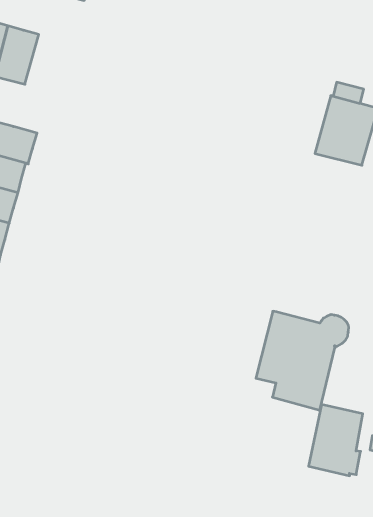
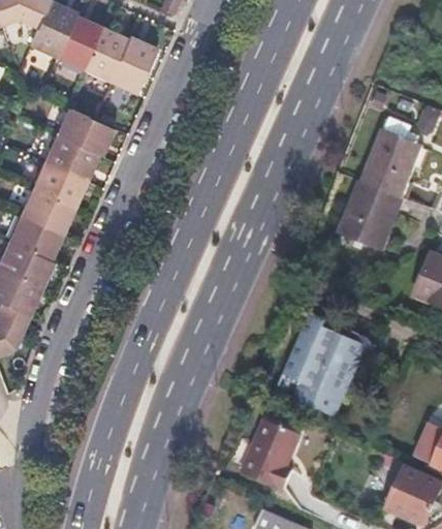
building: none -> [109,34,156,92]
building: none -> [342,185,406,254]
building: [309,404,363,476] -> [242,423,298,492]

